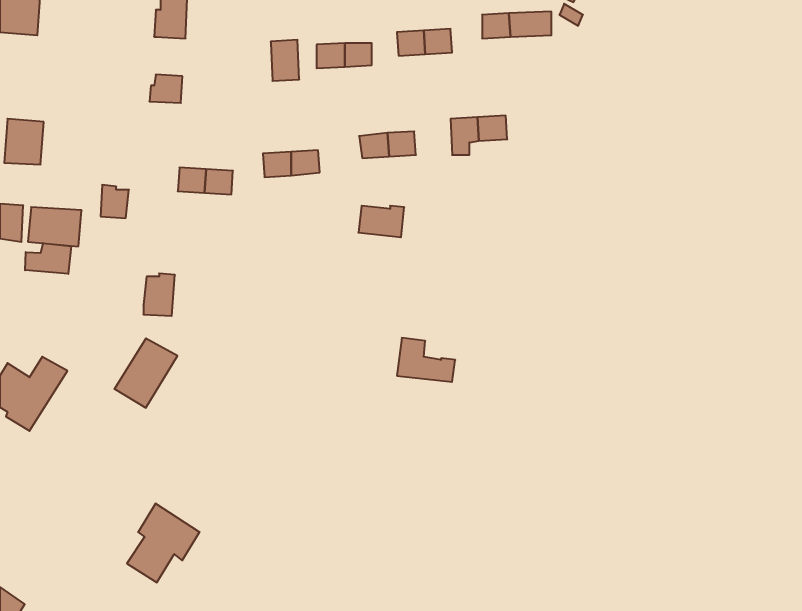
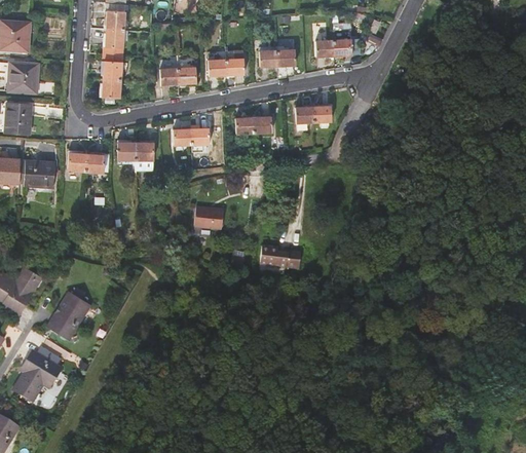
building: none -> [102,53,123,79]
building: none -> [161,58,180,82]
building: none -> [7,65,37,95]
building: [358,206,404,237] -> [195,210,225,230]
building: [25,243,71,274] -> none
building: [143,273,175,316] -> [84,151,105,179]
building: [114,338,177,408] -> [50,288,91,333]
building: [127,504,200,582] -> [16,345,64,397]

